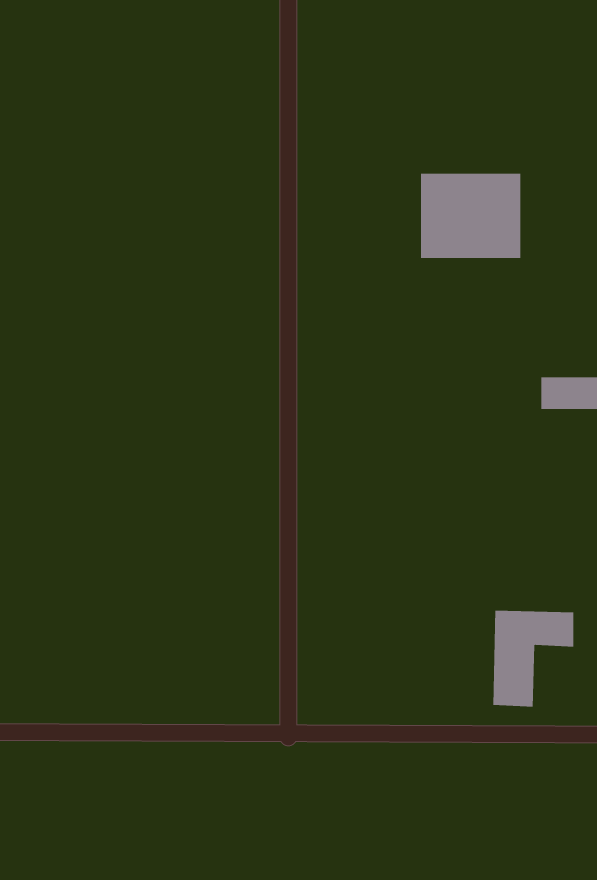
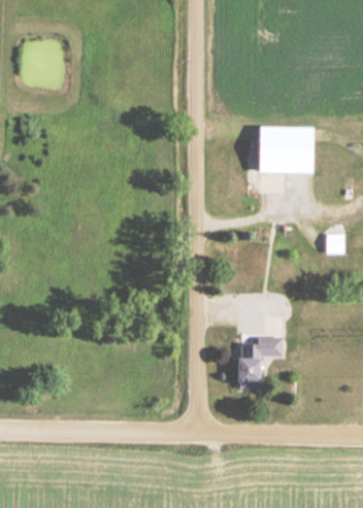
building: [493,610,574,707] -> [238,336,282,387]

